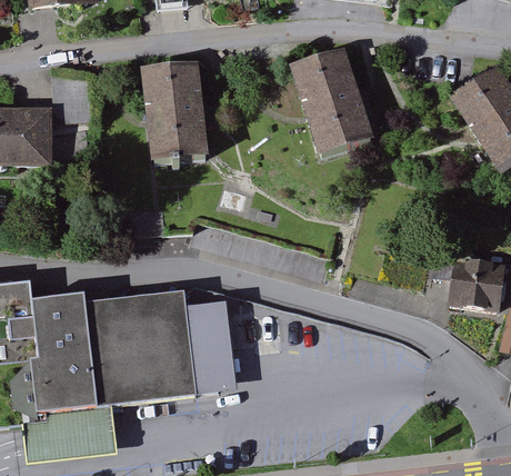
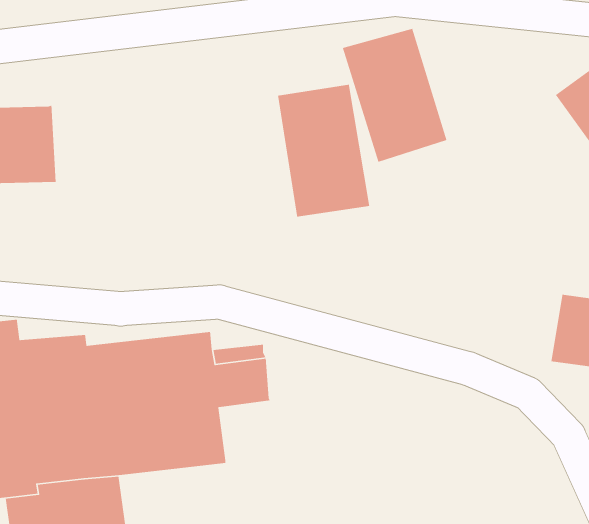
building: [143,61,218,168] -> [277,84,370,218]
building: [186,343,232,390] -> none

